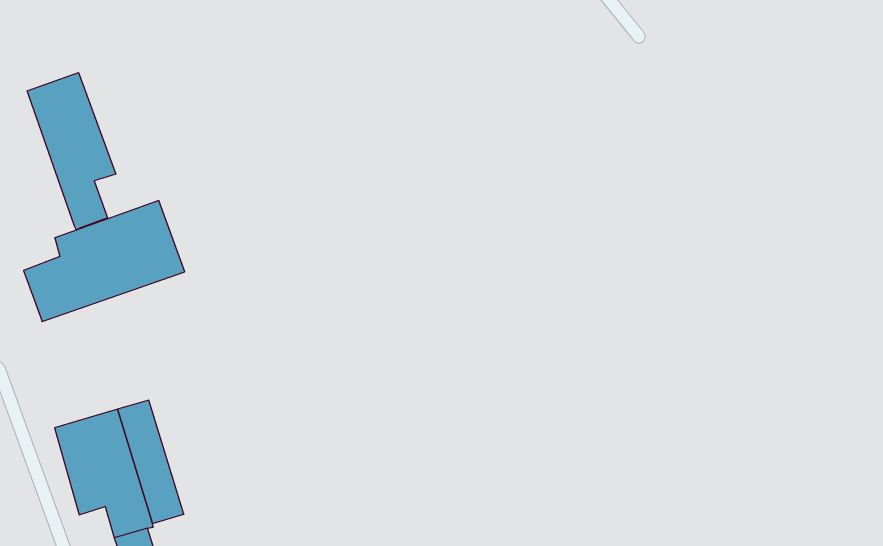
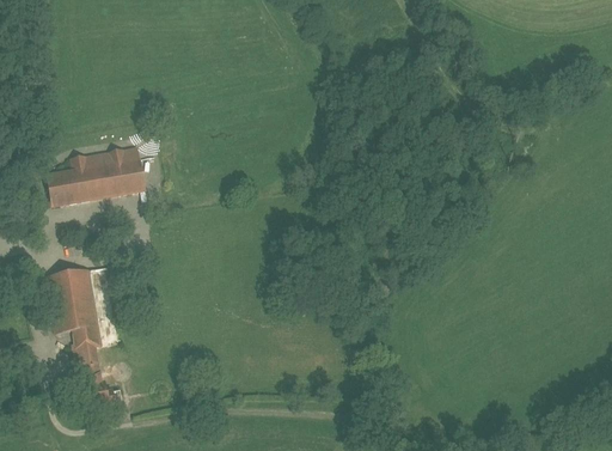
building: [27,73,116,230] -> none

